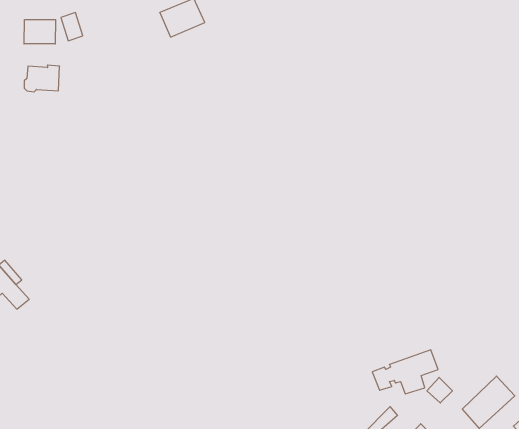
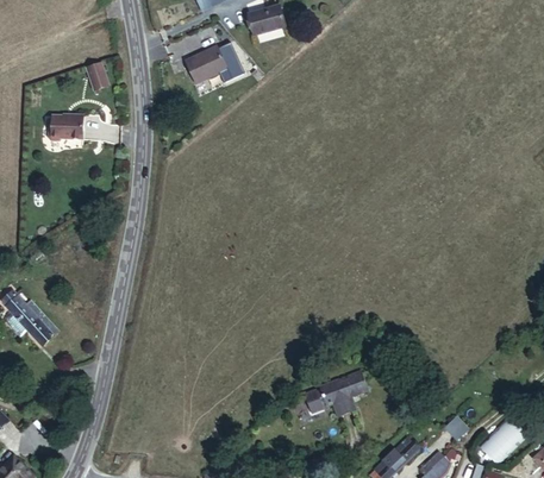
building: [24,20,56,44] -> none
building: [372,350,438,394] -> [305,376,369,419]

